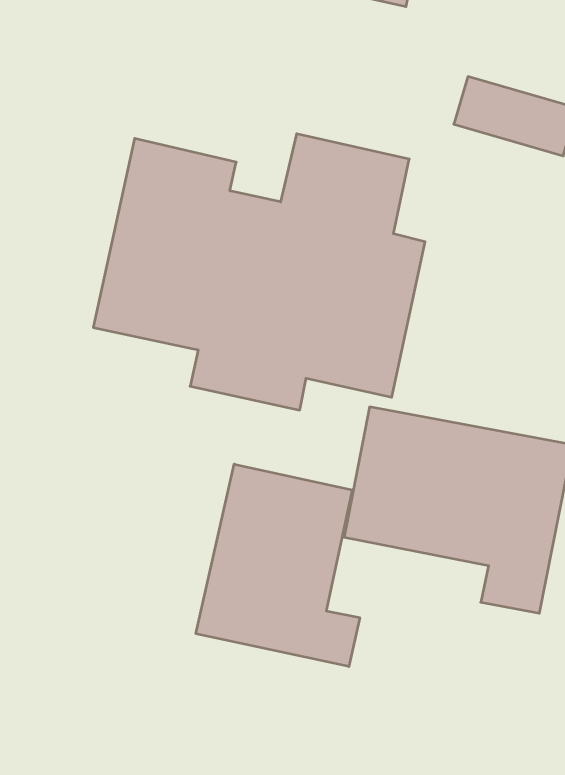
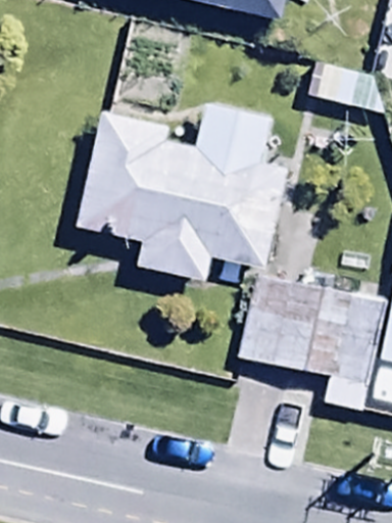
building: [196,464,360,667] -> none

